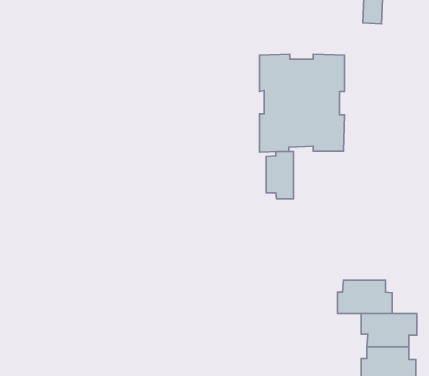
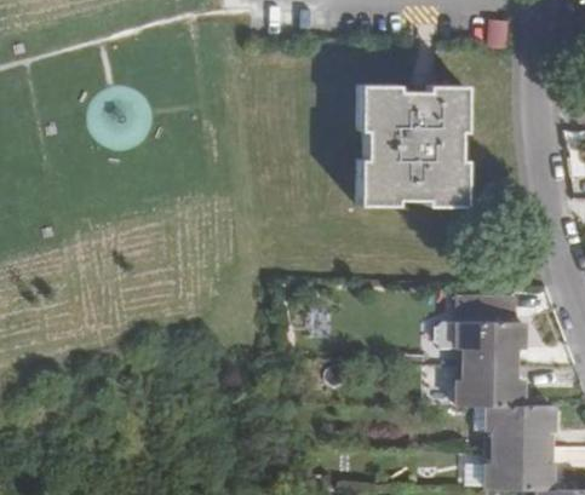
building: [266,151,294,199] -> none
building: none -> [457,322,524,366]

